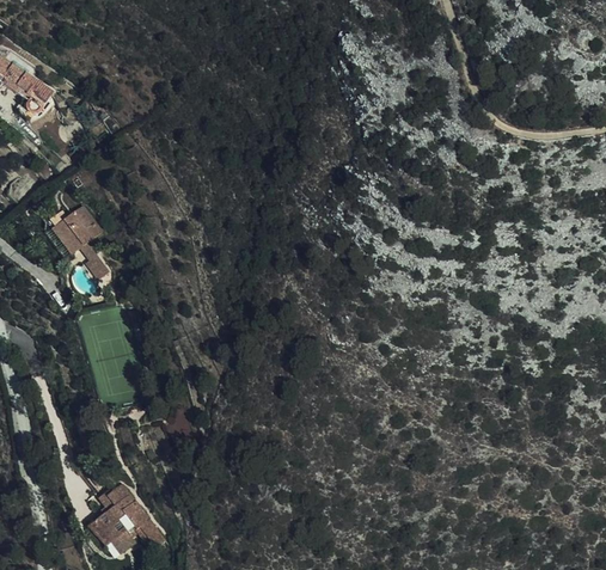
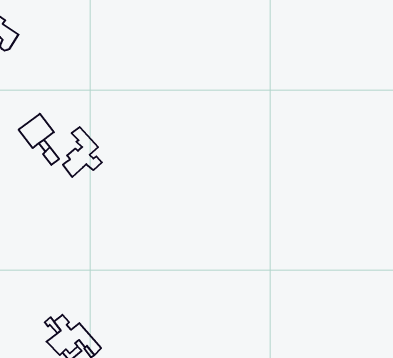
building: none -> [63,127,102,177]

